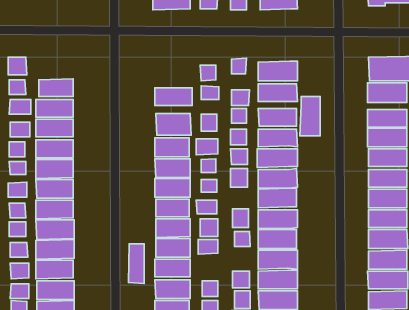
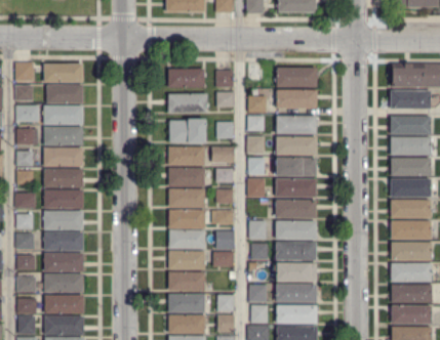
building: none -> [44,63,84,83]
building: none -> [168,70,205,88]
building: [300,96,320,136] -> none
building: [128,244,144,283] -> none

